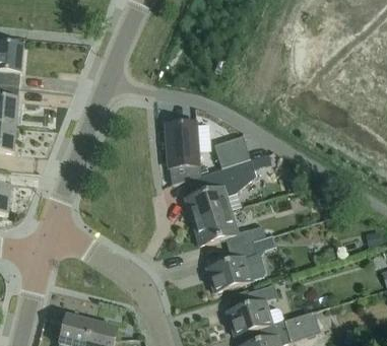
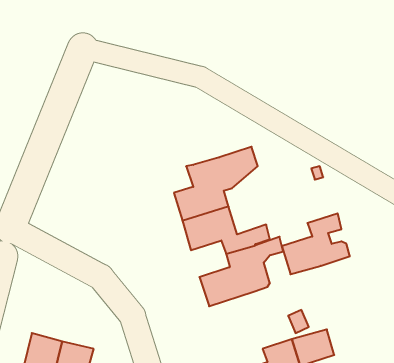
building: [165,120,201,184] -> none
building: [214,135,250,167] -> none
building: [227,283,283,334] -> [282,213,350,274]

